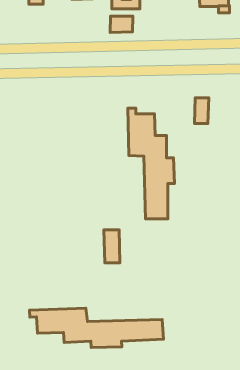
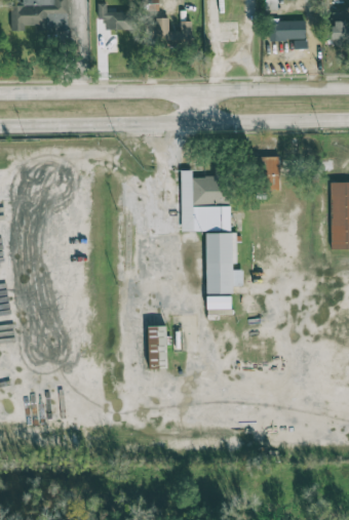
building: [110,16,133,33] -> none
building: [29,308,163,348] -> none

